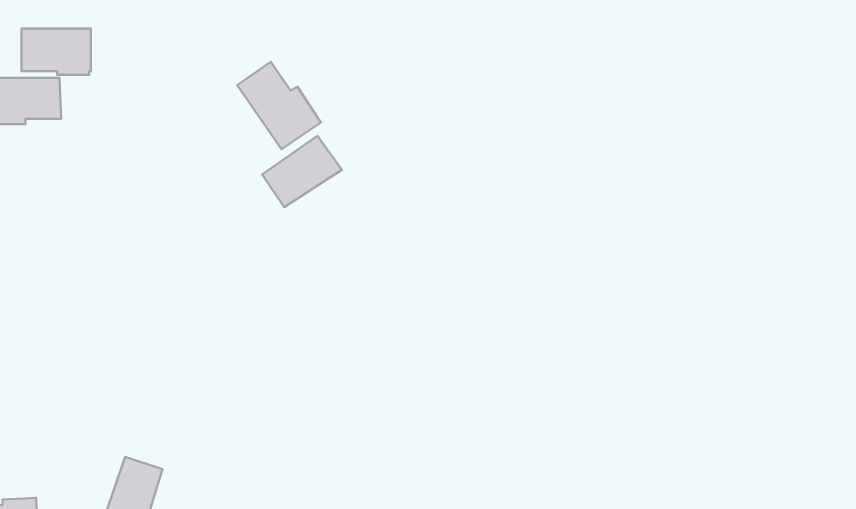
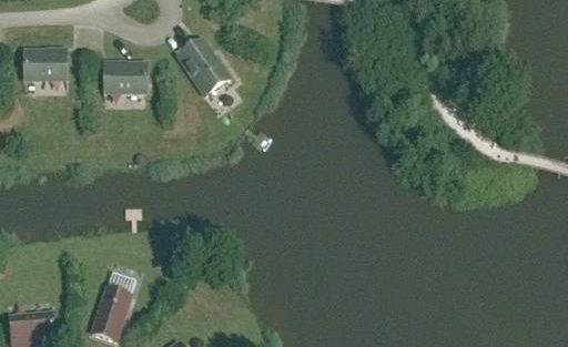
building: [22,28,91,75] -> [104,62,148,91]
building: [262,136,342,207] -> none

